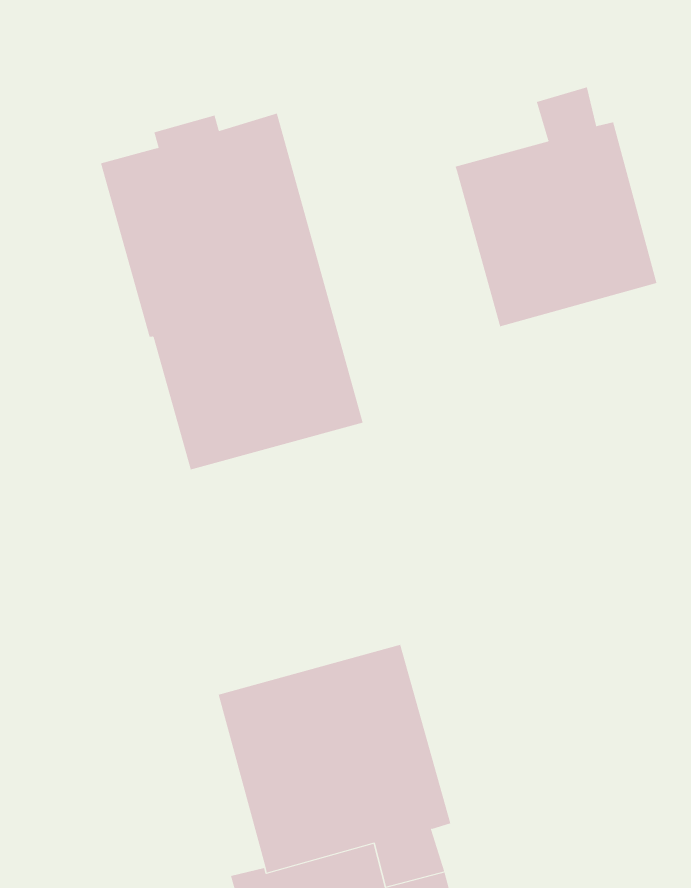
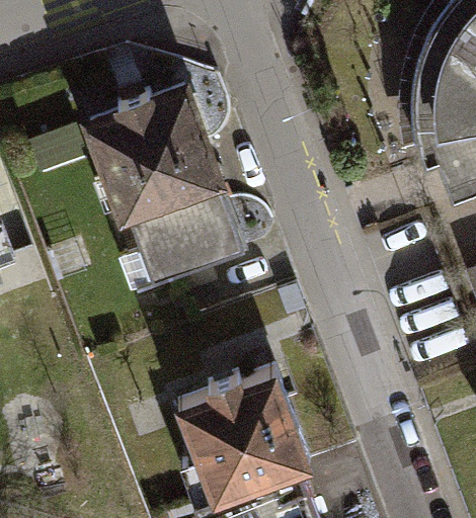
building: [455,87,657,327] -> none

